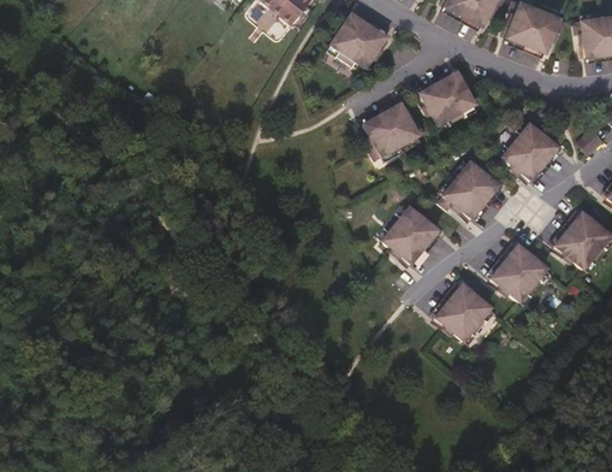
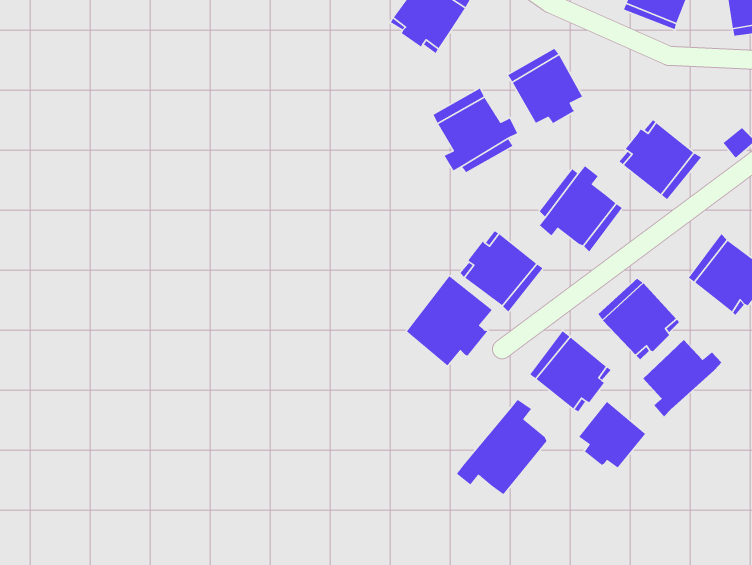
building: none -> [406,275,493,367]
building: none -> [643,339,722,418]
building: none -> [456,399,548,495]
building: none -> [578,401,646,468]

